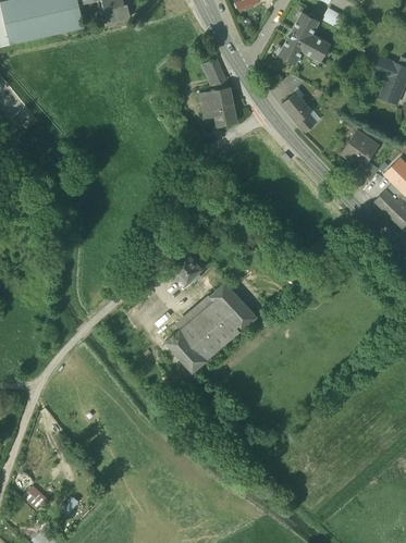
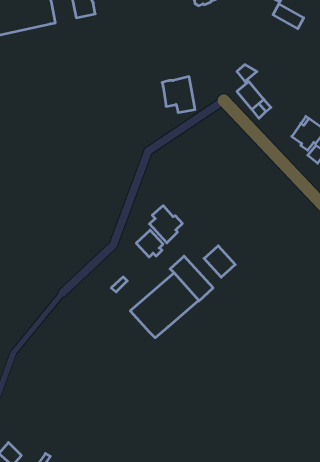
building: [278,11,331,63] -> none
building: [200,58,230,90] -> none
building: none -> [149,206,182,243]
building: none -> [204,246,235,277]

